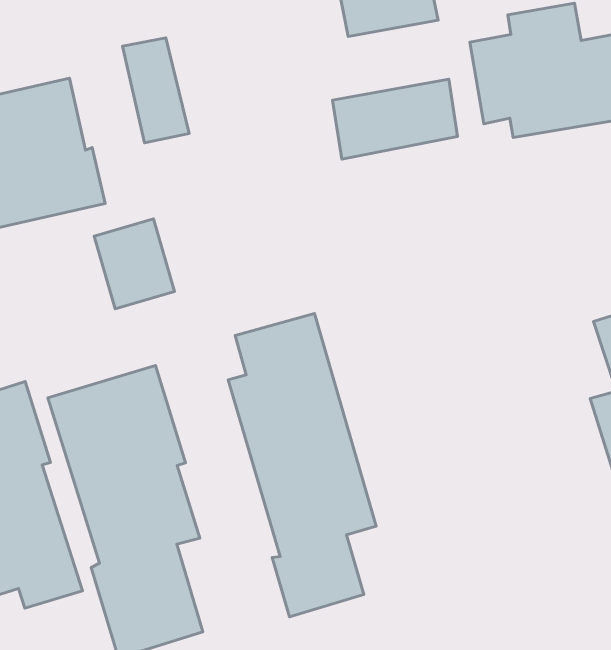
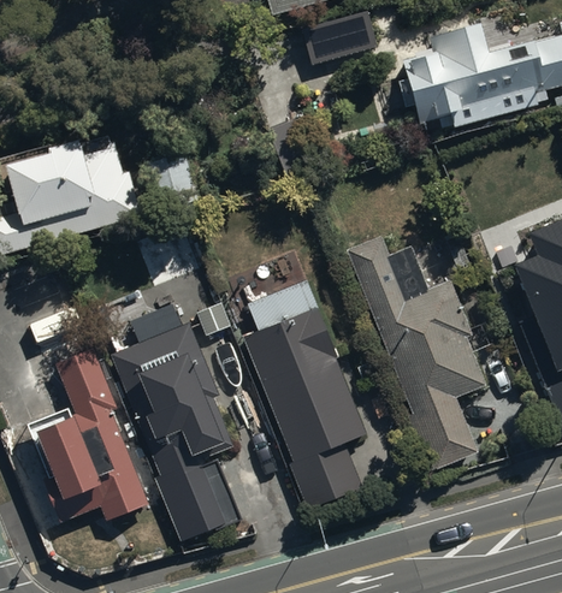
building: [122,38,189,143] -> none
building: [332,79,457,159] -> none
building: none -> [348,233,487,458]

